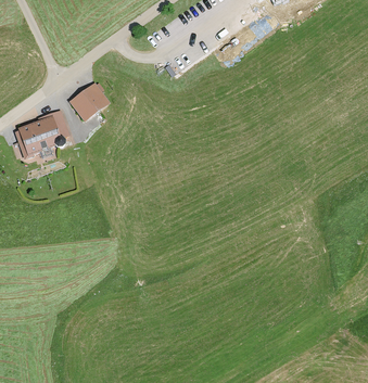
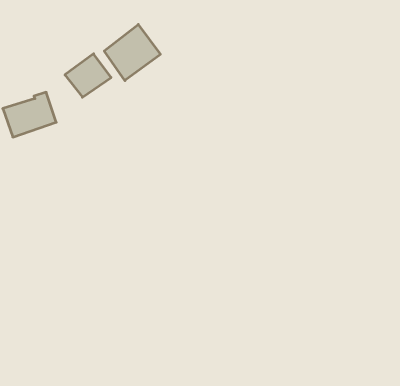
building: none -> [104,24,160,81]

